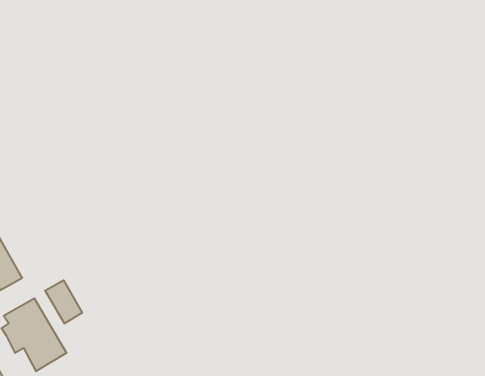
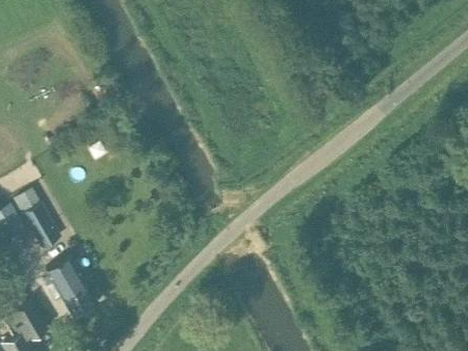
building: [45,280,82,324] -> none

